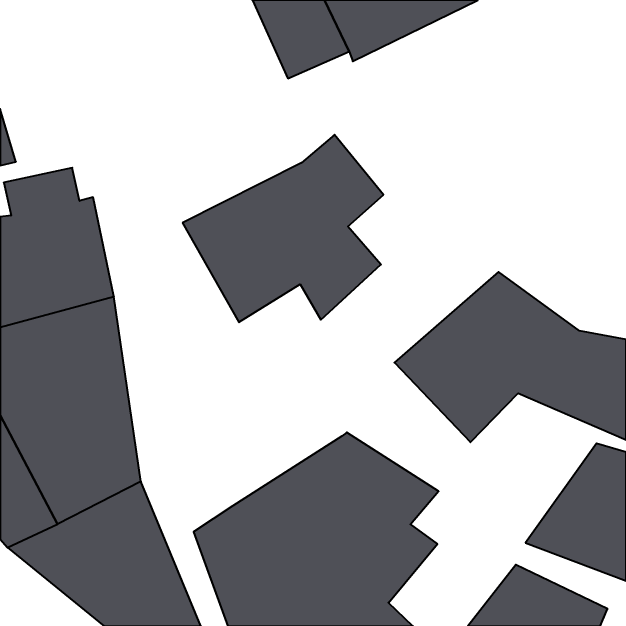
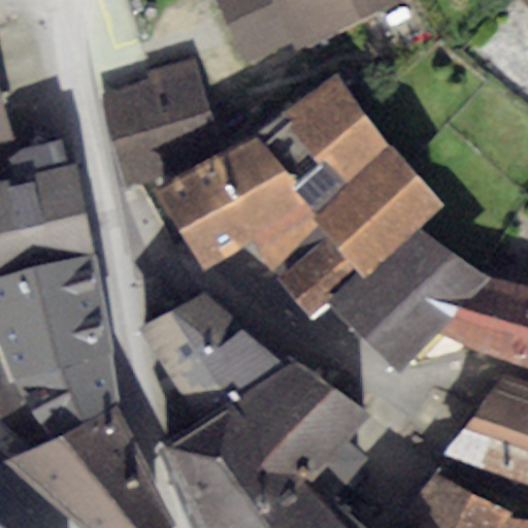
building: none -> [100,57,221,186]
building: none -> [270,73,442,318]
building: none -> [141,294,288,426]

